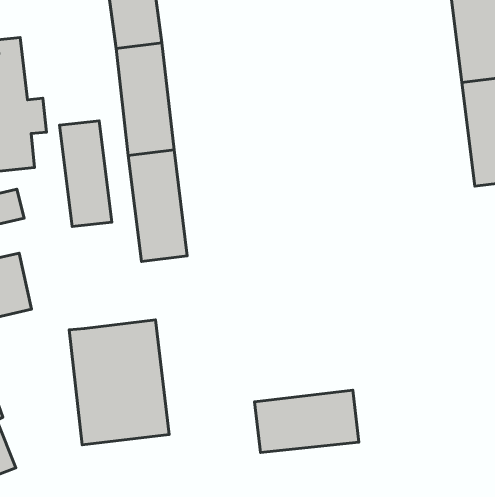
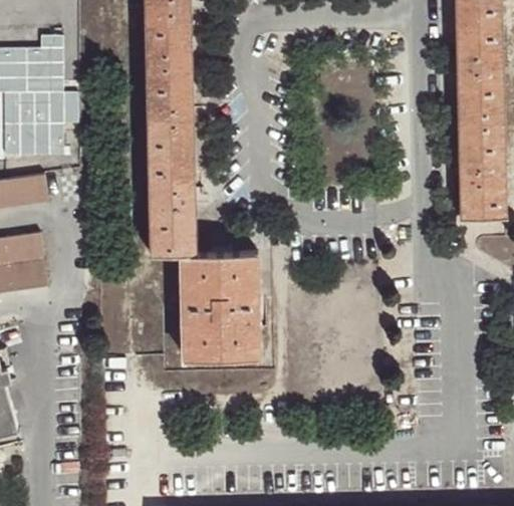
building: [60,121,112,226] -> none
building: [69,320,169,445] -> [179,250,260,356]
building: [255,390,359,452] -> none

